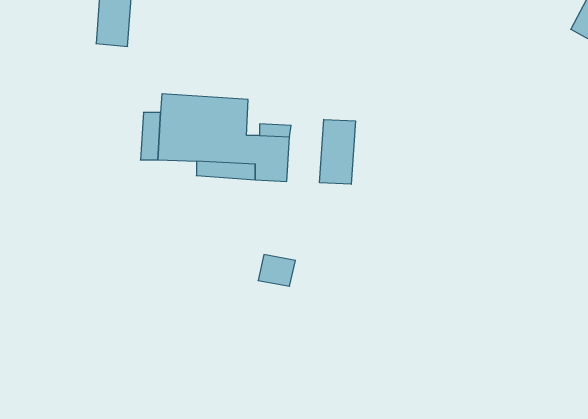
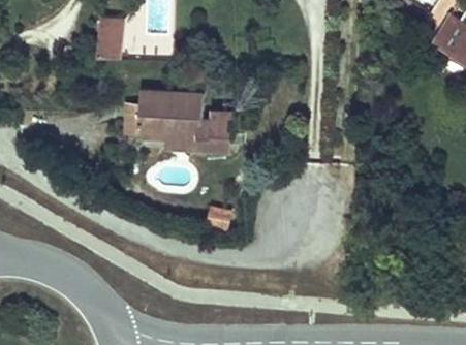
building: [320,119,355,184] -> none

